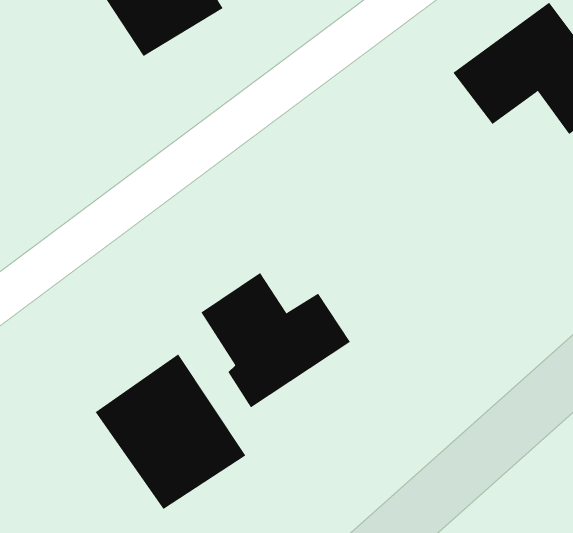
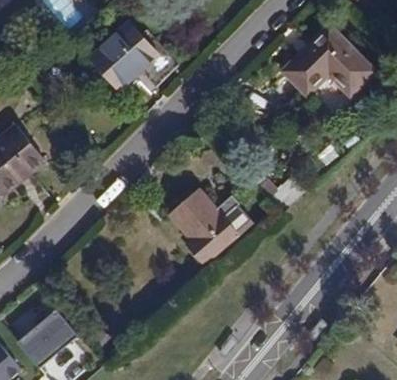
building: [95,354,246,510] -> none

